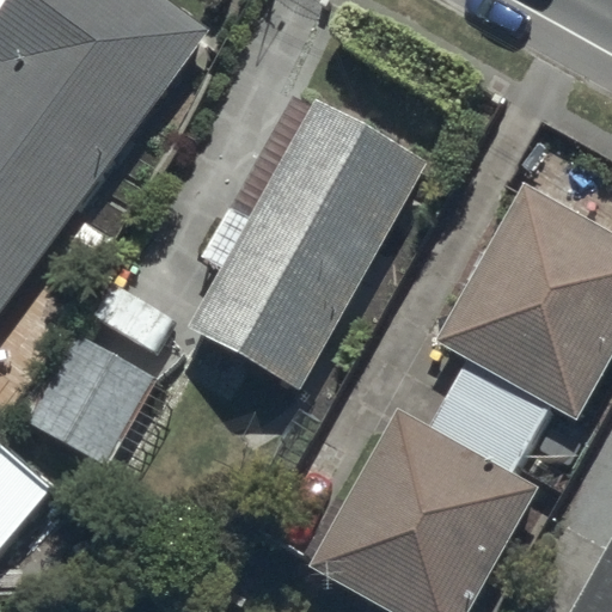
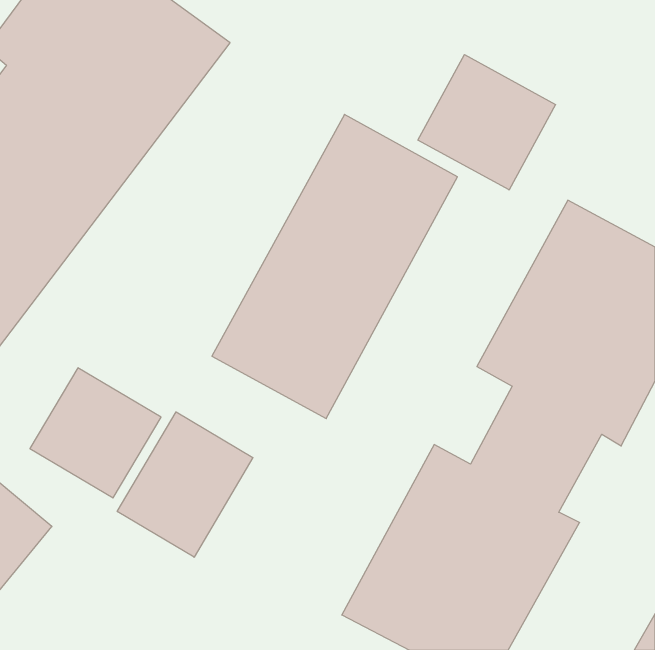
building: none -> [418,55,556,190]
building: none -> [117,412,253,557]

